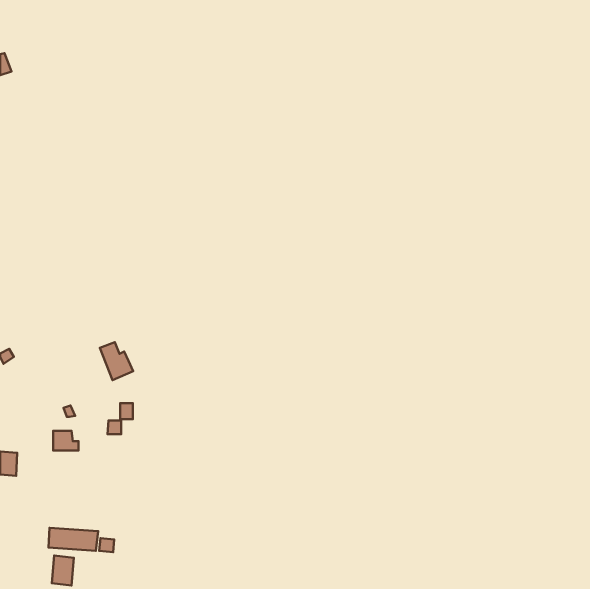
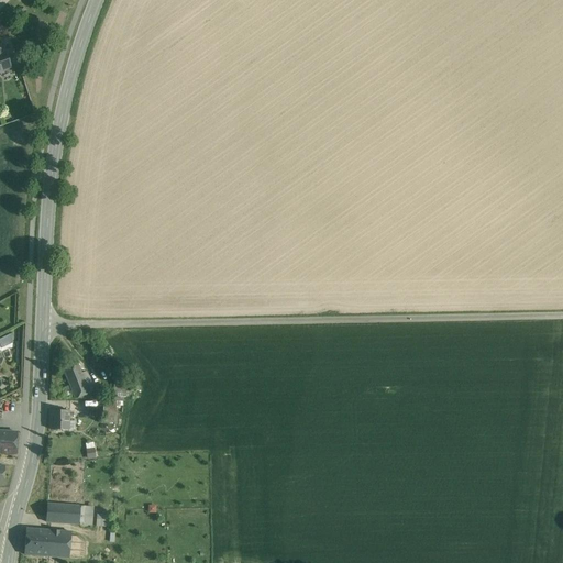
building: [100,342,133,380] -> [63,362,95,398]
building: none -> [24,528,52,555]

